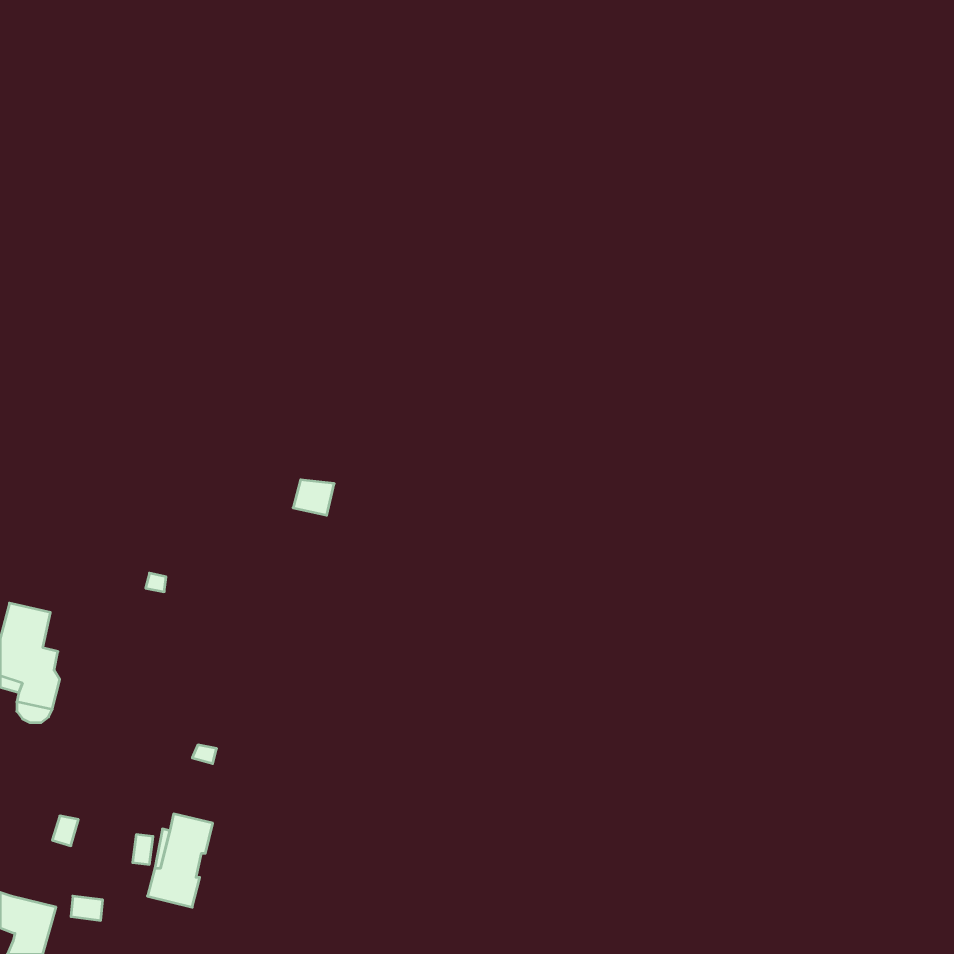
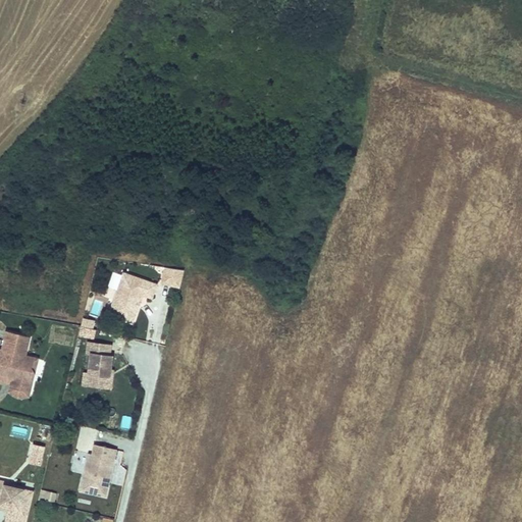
building: none -> [109,272,157,322]
building: none -> [88,342,111,387]

